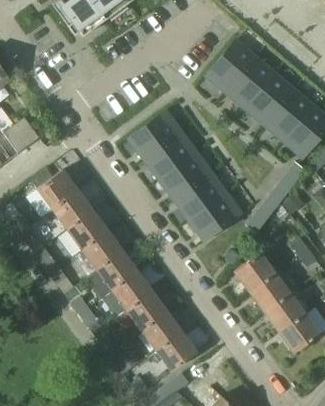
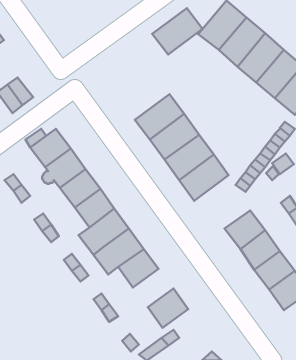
building: [127,113,178,160] -> [152,8,203,54]
building: [141,311,182,350] -> none

